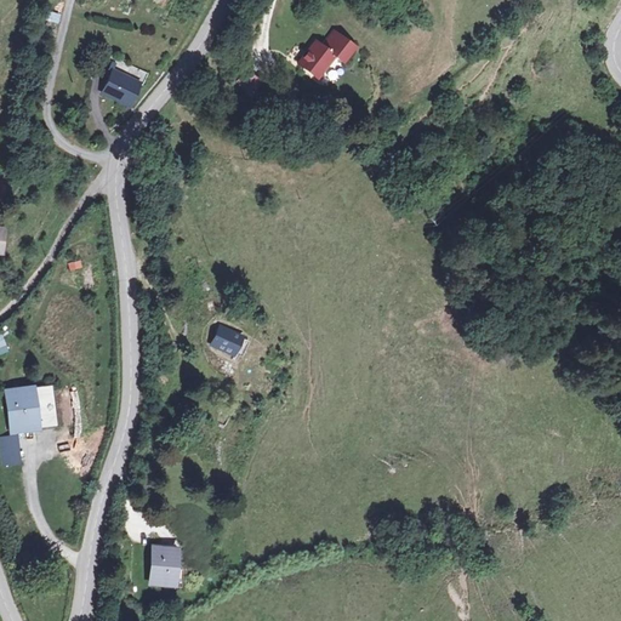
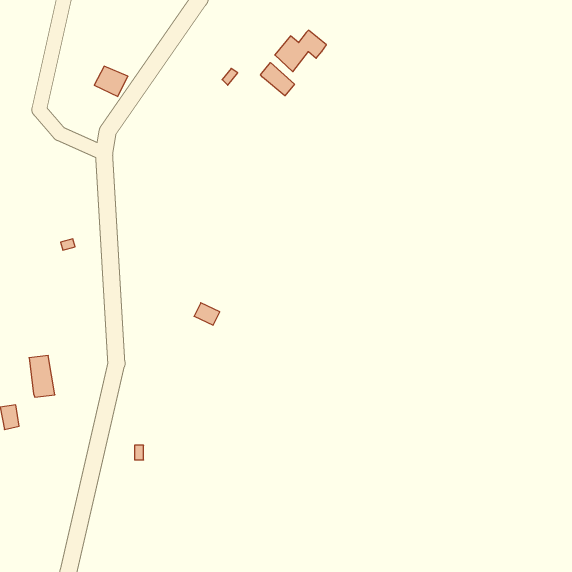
building: none -> [261,63,294,96]
building: [7,387,36,429] -> none
building: [154,545,177,580] -> none

